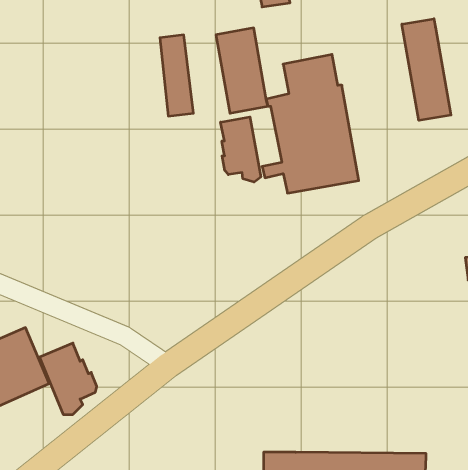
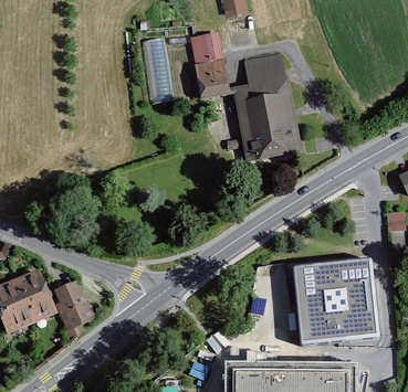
building: [402,19,451,120] -> none
building: [221,117,261,182] -> none
building: none -> [292,257,379,346]

